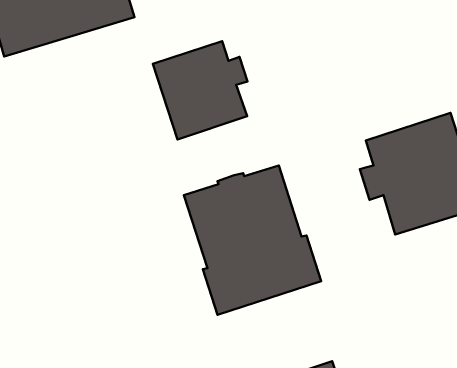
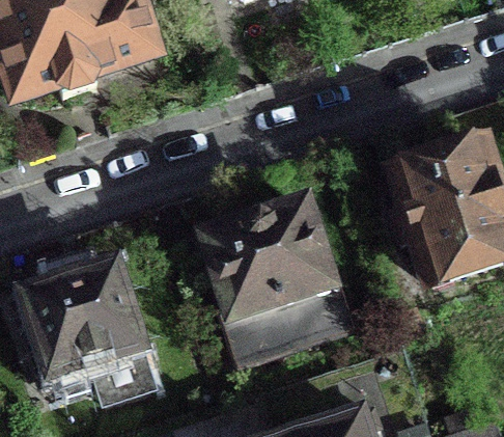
building: [153,41,248,140] -> none
building: none -> [29,263,158,404]

